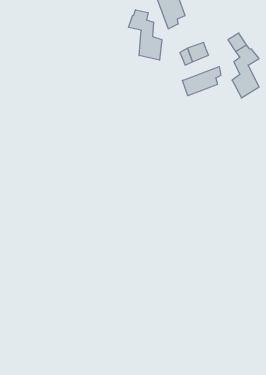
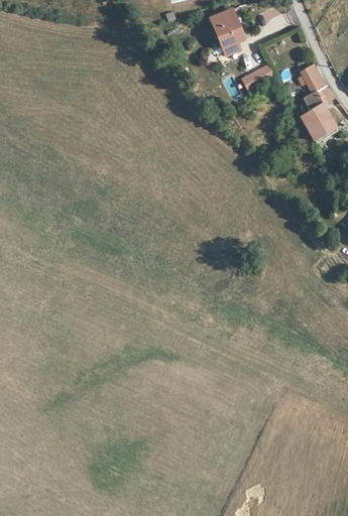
building: [129,10,162,60] -> none
building: [182,67,221,96] -> none

